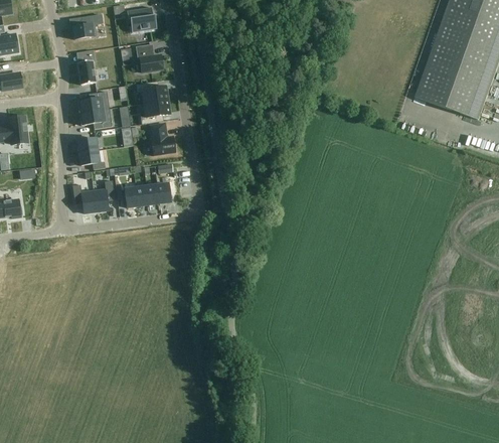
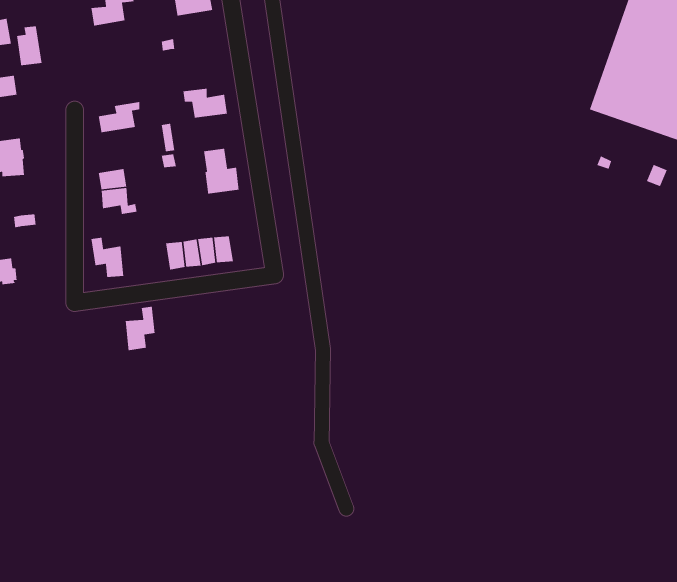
building: [136,44,163,71] -> none
building: [77,55,96,84] -> [16,25,42,66]
building: [140,100,169,124] -> none
building: [79,109,112,129] -> none
building: [94,180,115,211] -> [125,306,156,351]

